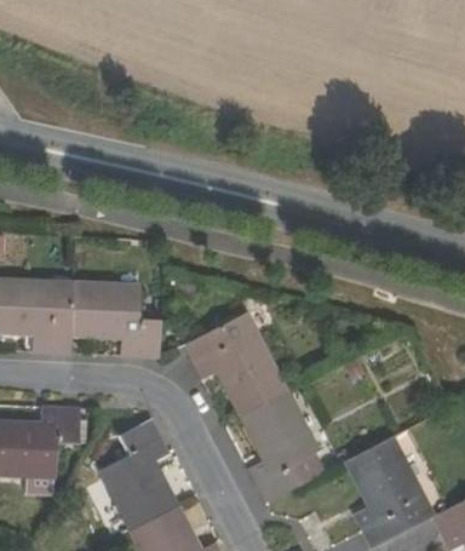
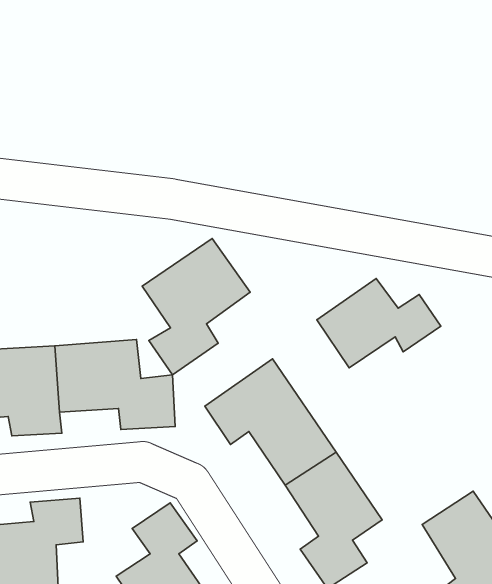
building: none -> [142,239,250,375]
building: none -> [317,279,441,368]

